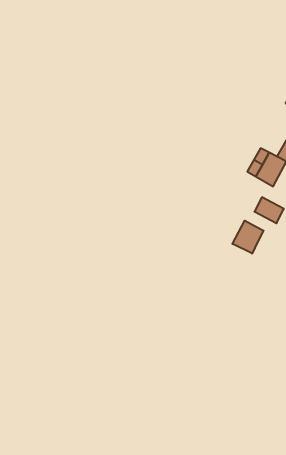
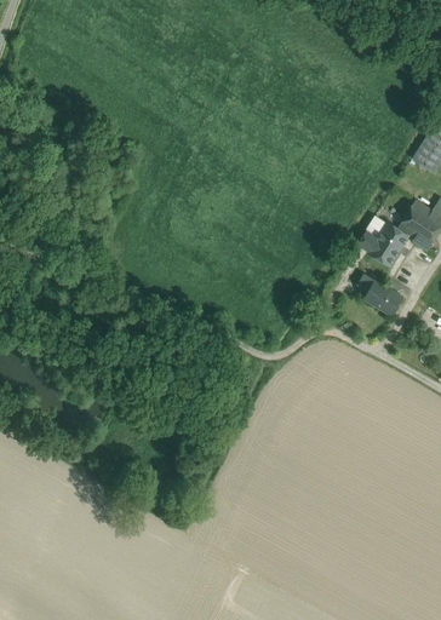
building: [232,221,264,254] -> none

